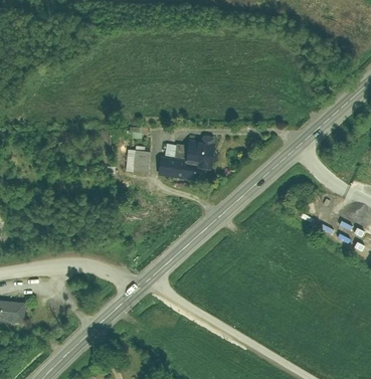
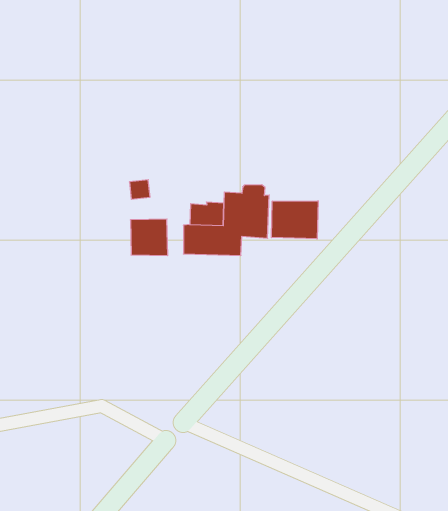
building: none -> [271,201,318,239]

